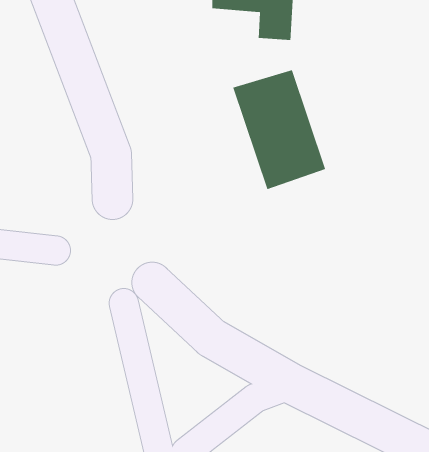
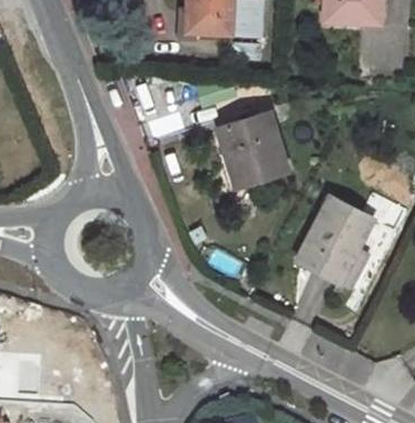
building: none -> [297,198,373,284]

